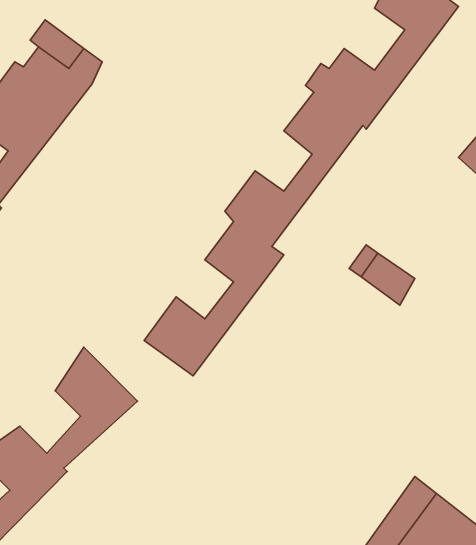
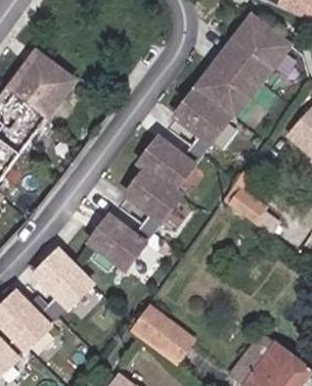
building: none -> [140,303,196,355]

